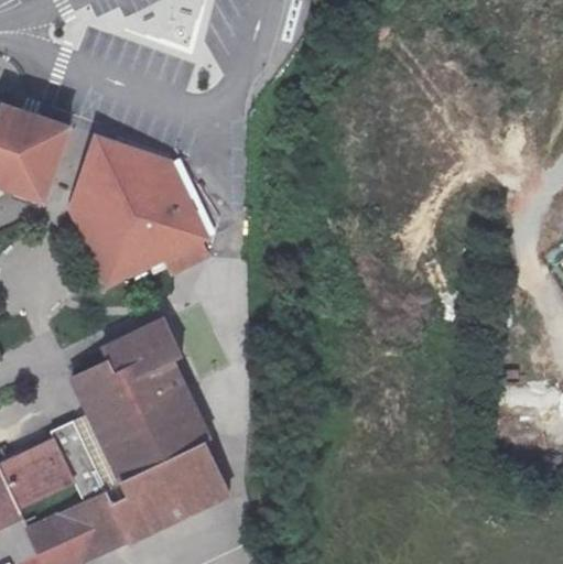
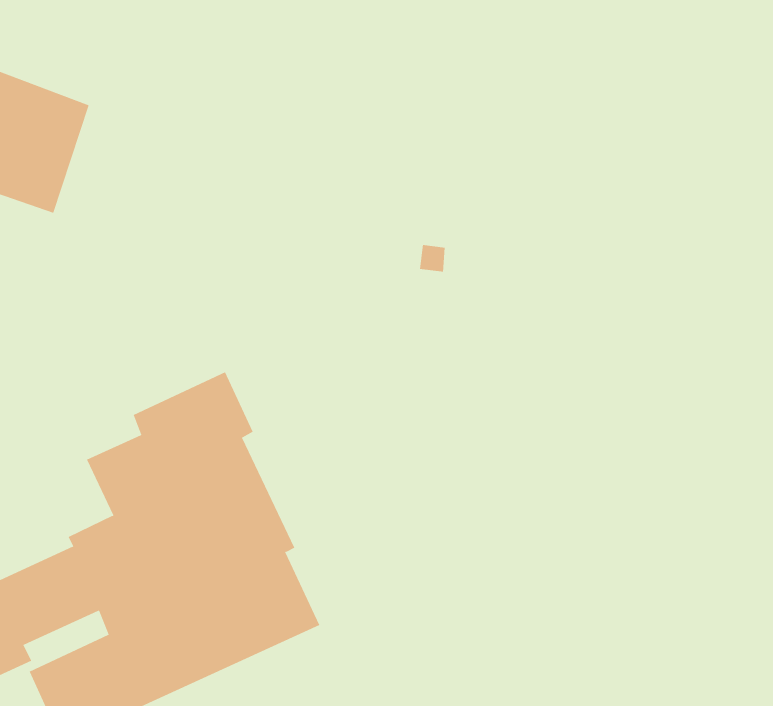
building: [65,133,210,291] -> none

